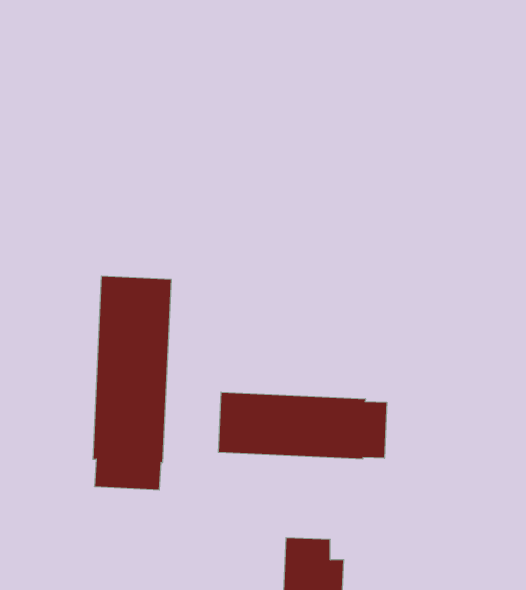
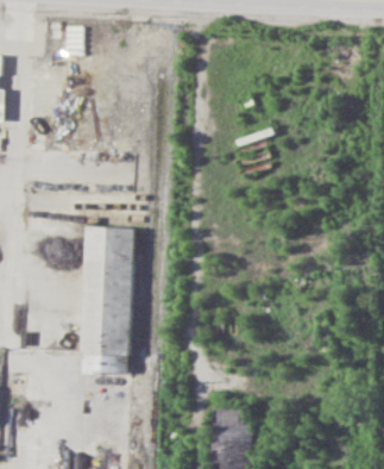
building: [218,392,387,459] -> none

